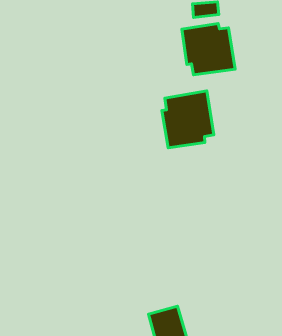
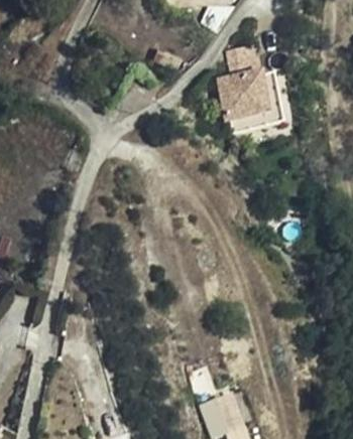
building: [162,91,214,148] -> none

